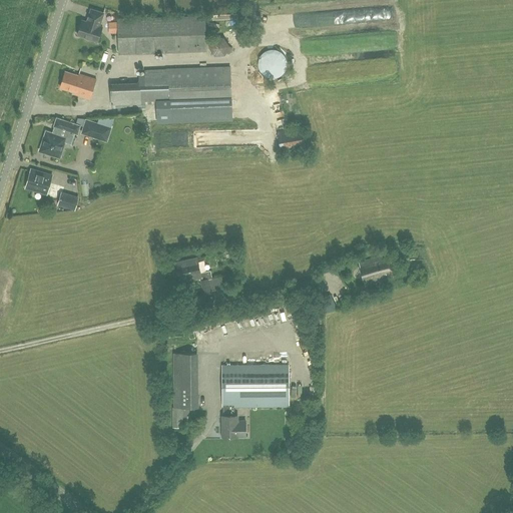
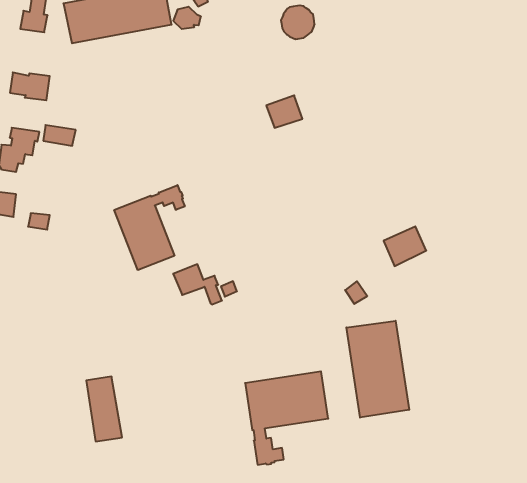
building: [258,50,286,78] -> [281,5,315,39]
building: [110,67,230,119] -> none
building: none -> [114,185,185,270]
building: none -> [346,321,409,418]
building: [173,354,196,407] -> [86,377,122,441]

